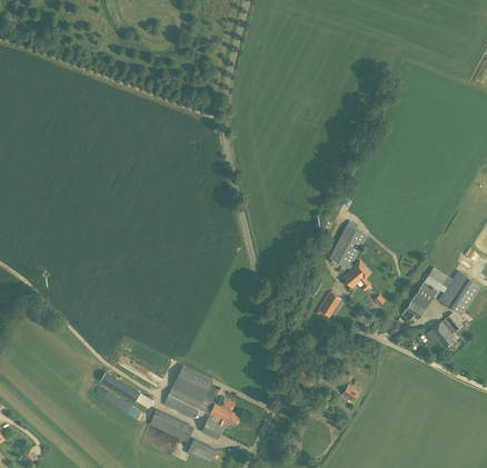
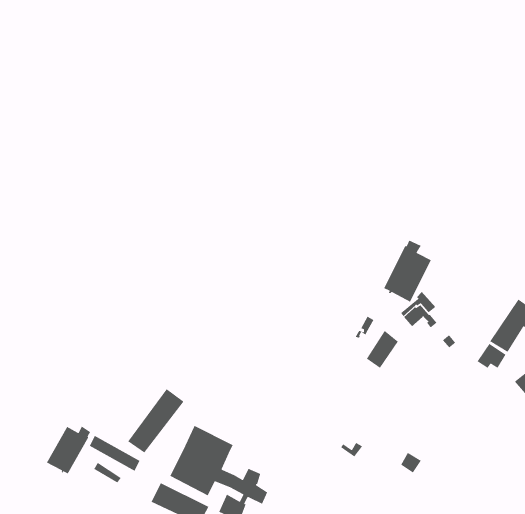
building: none -> [127,388,185,454]
building: none -> [46,425,91,475]

